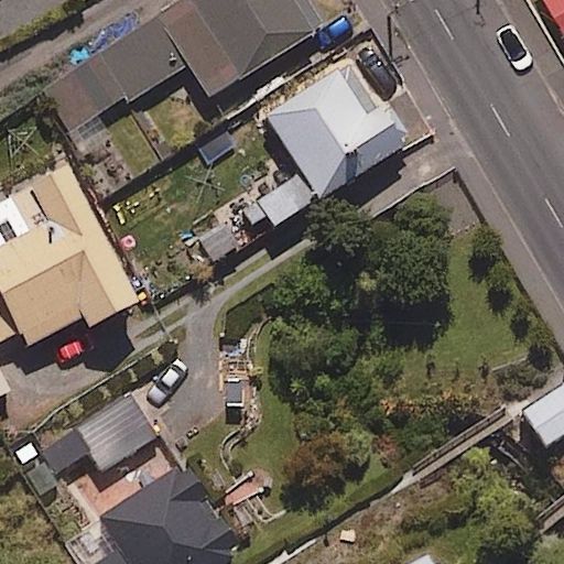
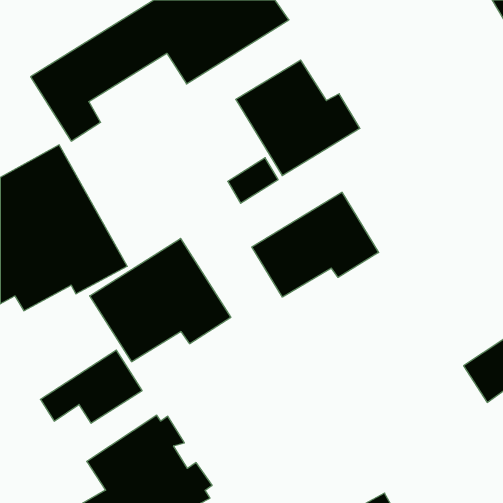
building: none -> [252,192,379,297]
building: none -> [90,238,231,362]

